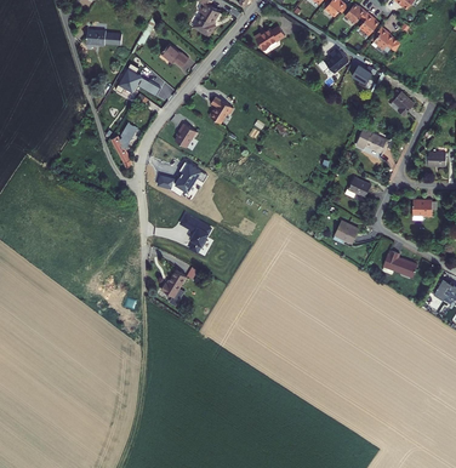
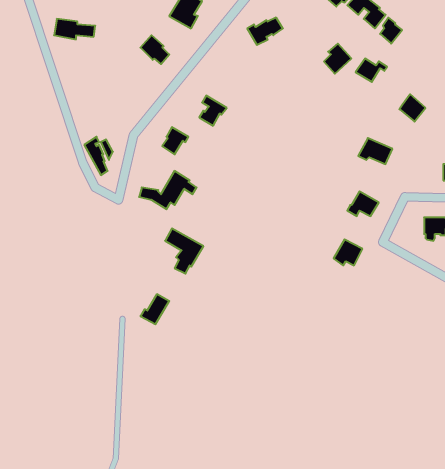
building: [118,62,163,93] -> none
building: [381,251,416,278] -> none

